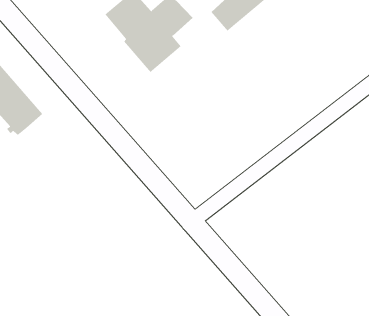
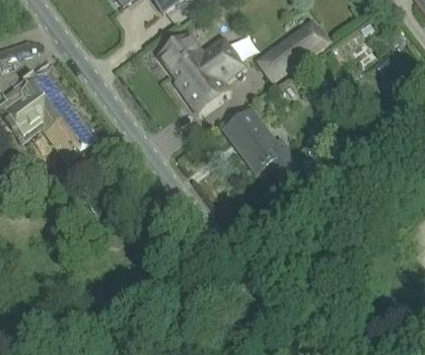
building: none -> [226,109,300,182]

